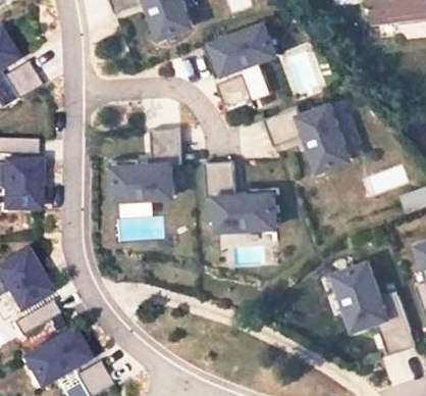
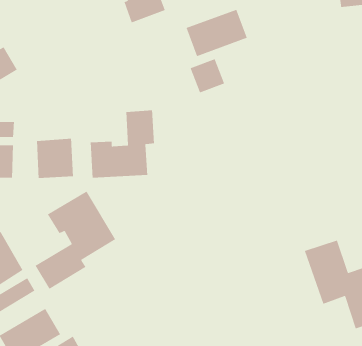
building: [264,104,352,171] -> none
building: none -> [36,138,74,179]
building: [205,161,276,230] -> none
building: none -> [35,190,116,290]

